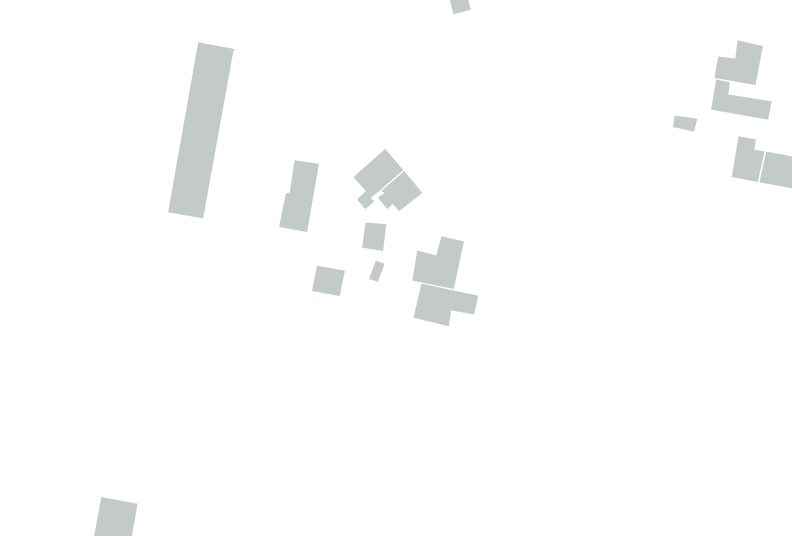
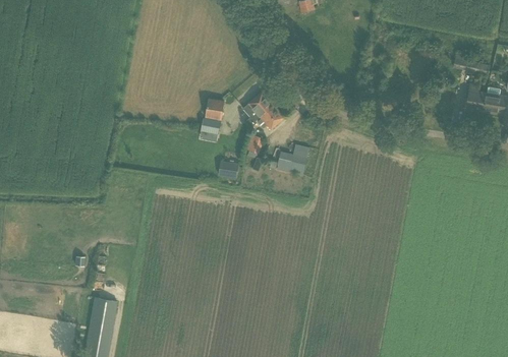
building: [714,39,764,86] -> none
building: [167,42,235,219] -> none
building: [413,283,479,327] -> none

